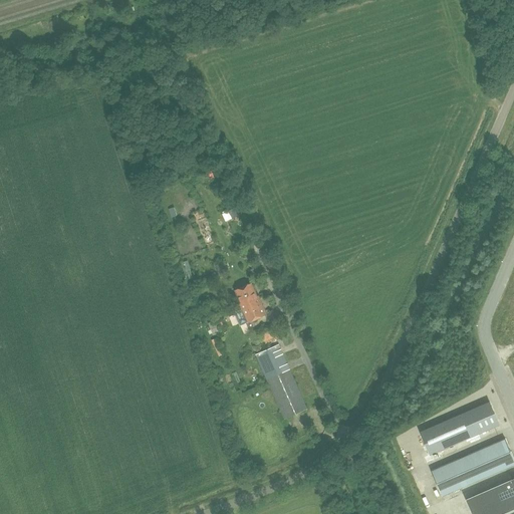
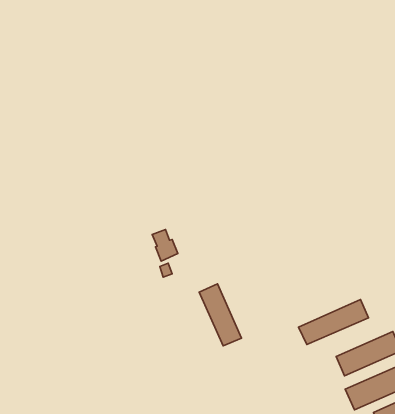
building: [236,284,267,322] -> [152,229,178,261]
building: none -> [298,300,368,344]

